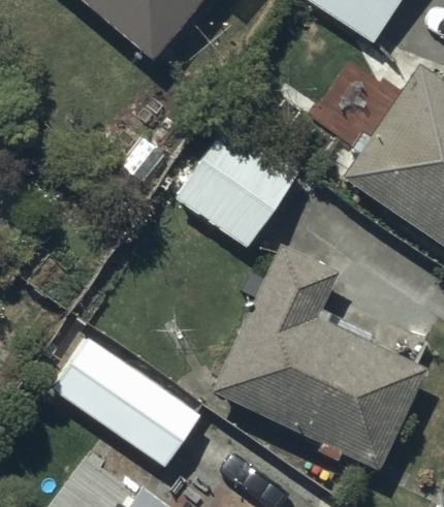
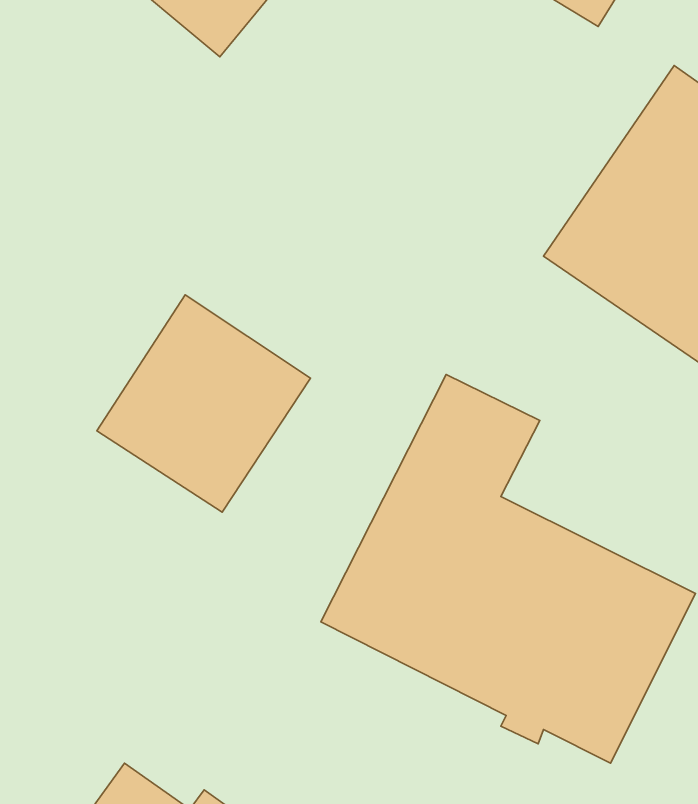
building: [175,119,299,246] -> [97,295,311,512]
building: [53,339,199,467] -> none

